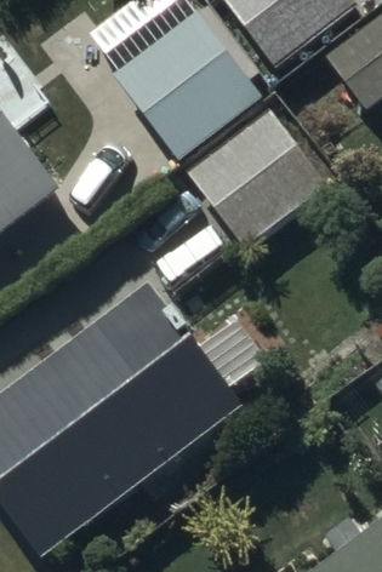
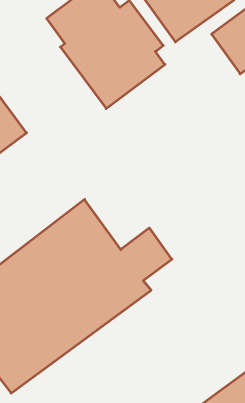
building: [184,107,326,247] -> none

